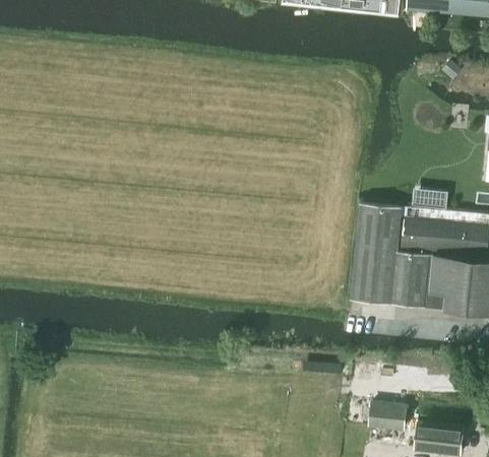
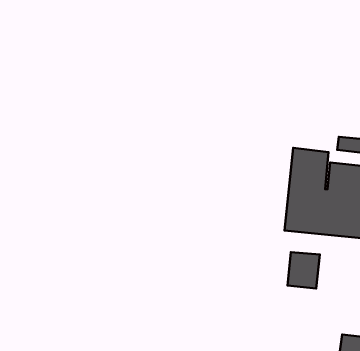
building: none -> [287,252,320,289]
building: [369,402,406,430] -> none

